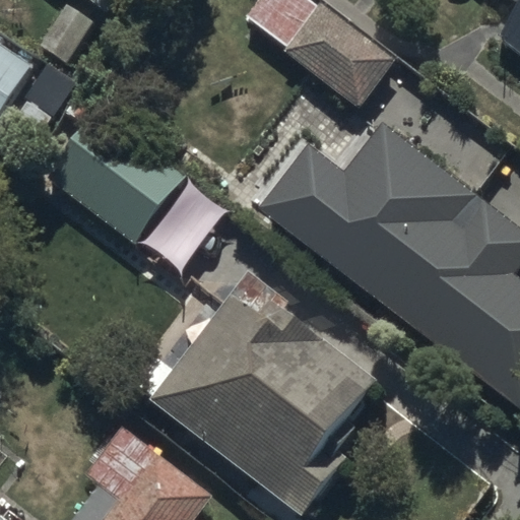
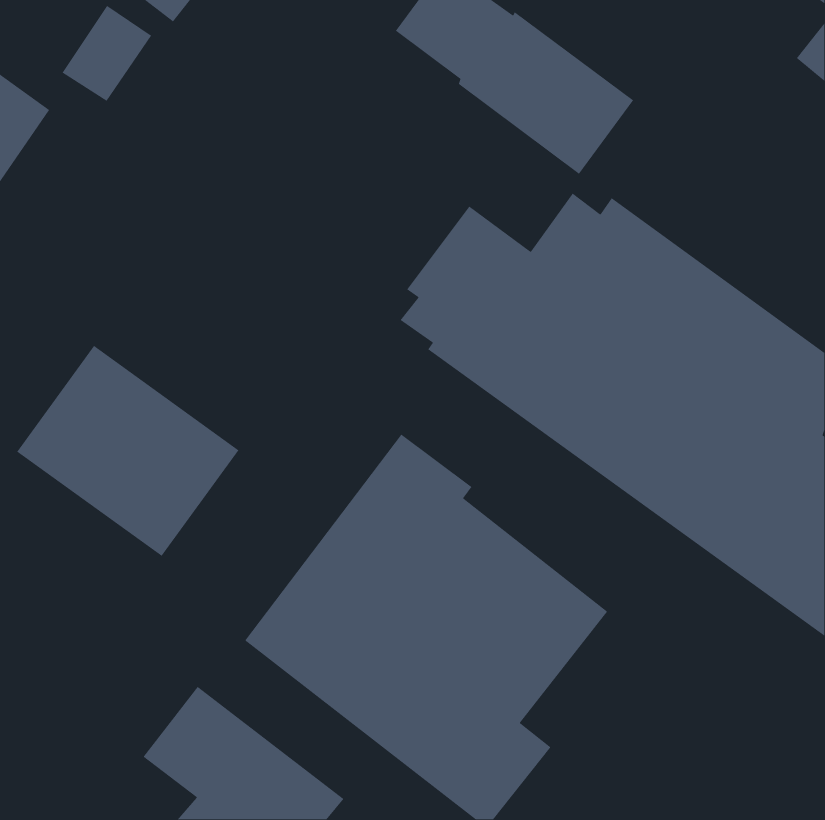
building: [50,113,190,246] -> [16,345,240,557]

